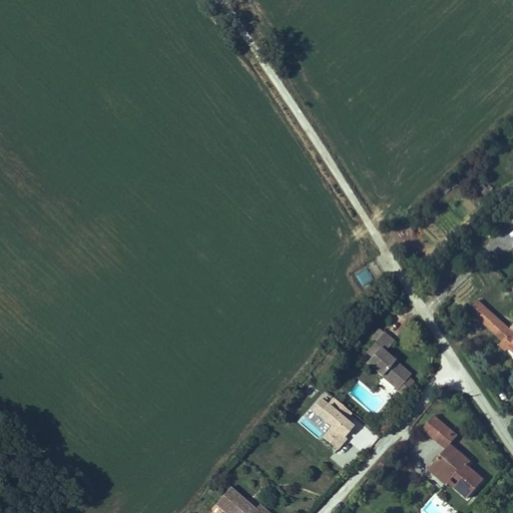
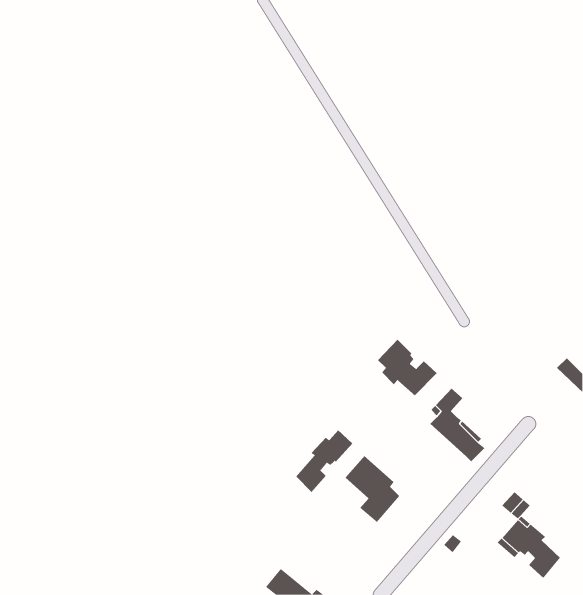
building: none -> [377,339,437,396]
building: none -> [295,429,353,493]

